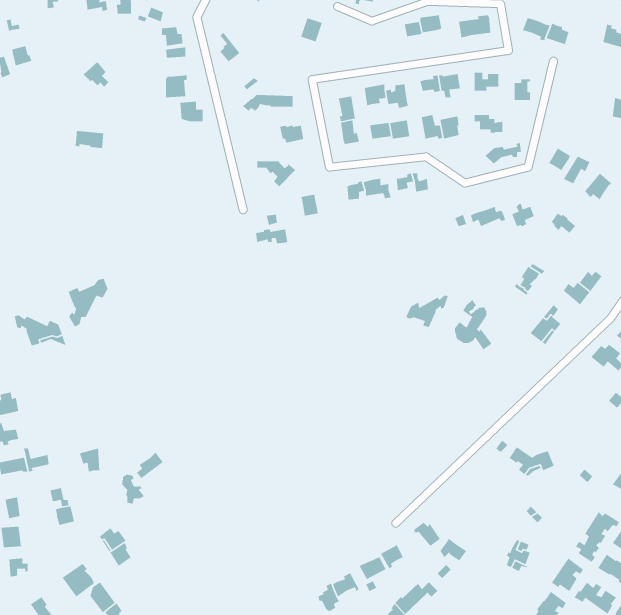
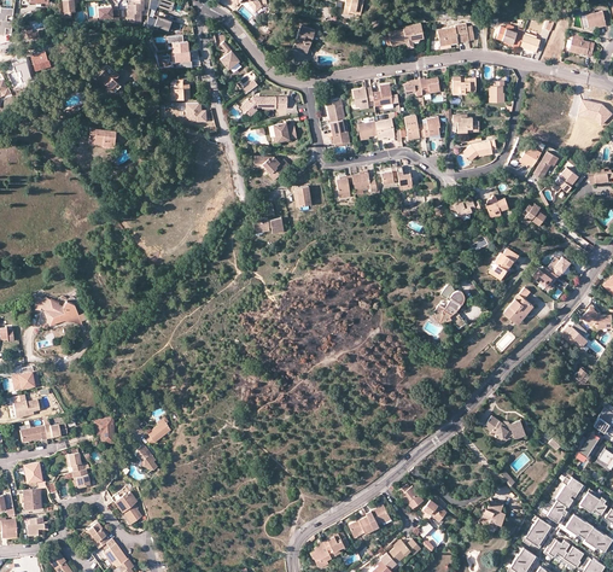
building: [68,278,108,328] -> none
building: [405,295,449,328] -> none

